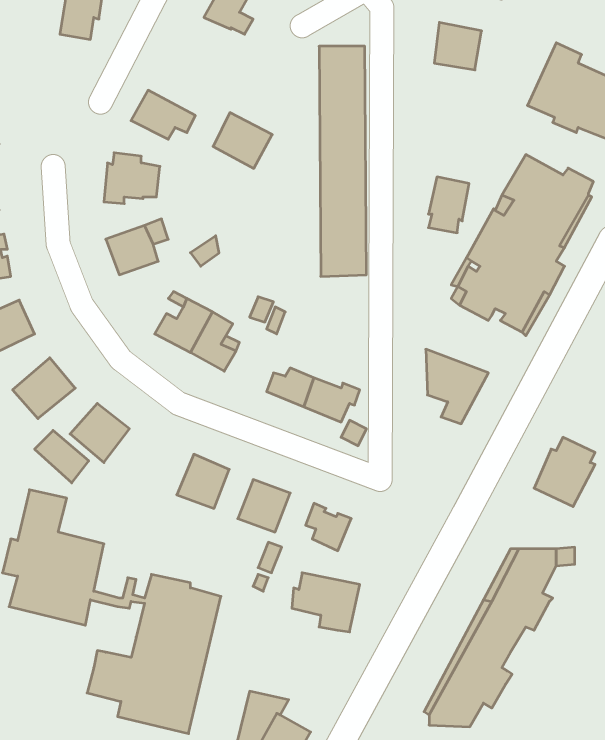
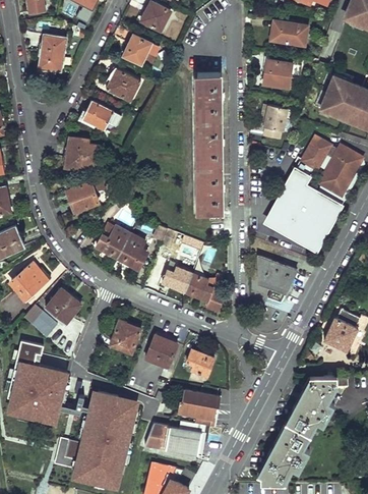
building: [213,113,272,168] -> [106,69,141,103]
building: [428,177,469,233] -> [264,107,289,141]
building: none -> [143,421,205,454]

